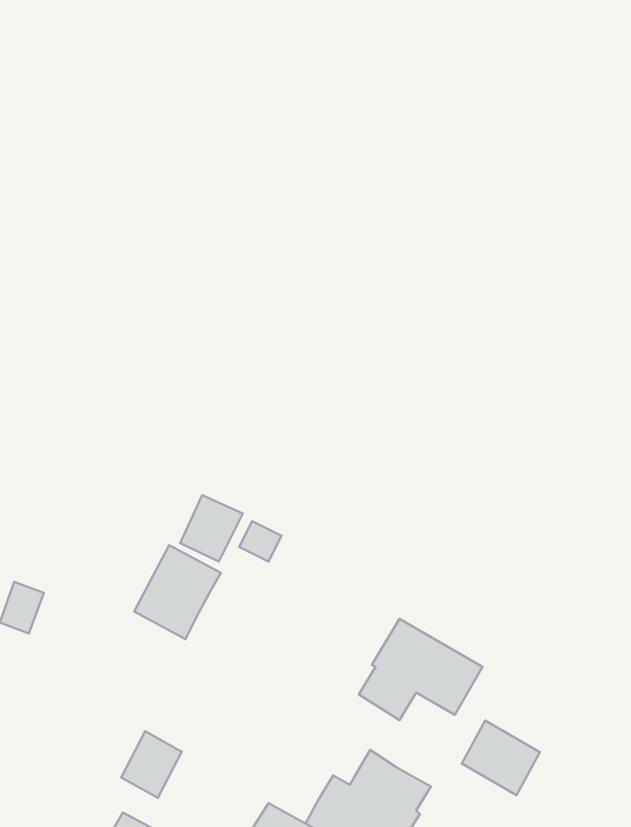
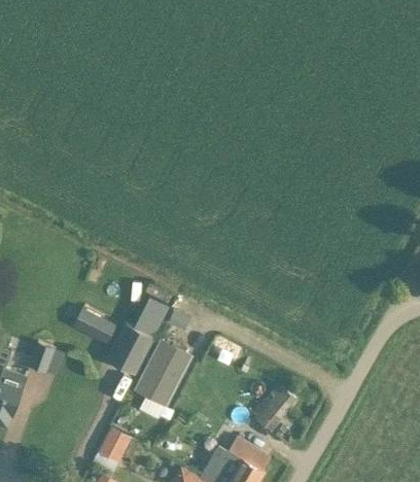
building: none -> [72,308,117,346]
building: none -> [134,340,194,408]
building: [462,721,540,795] -> none

